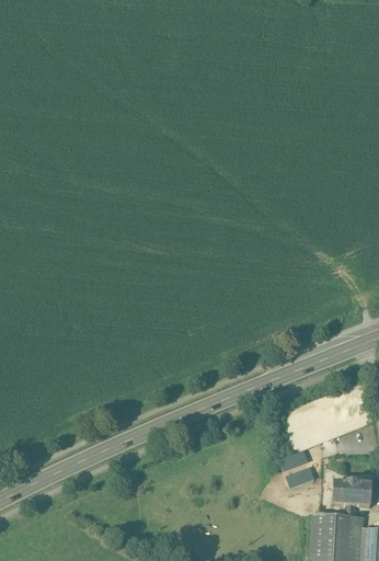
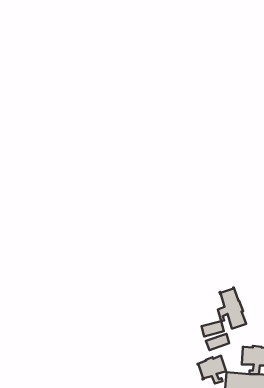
building: none -> [218,287,246,329]
building: none -> [197,356,226,383]

